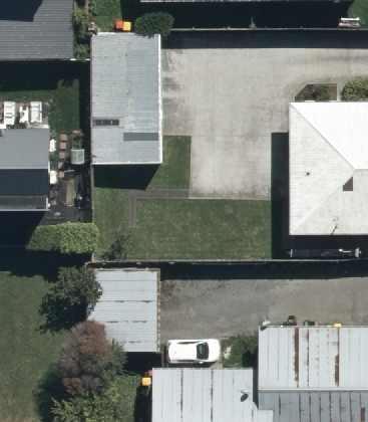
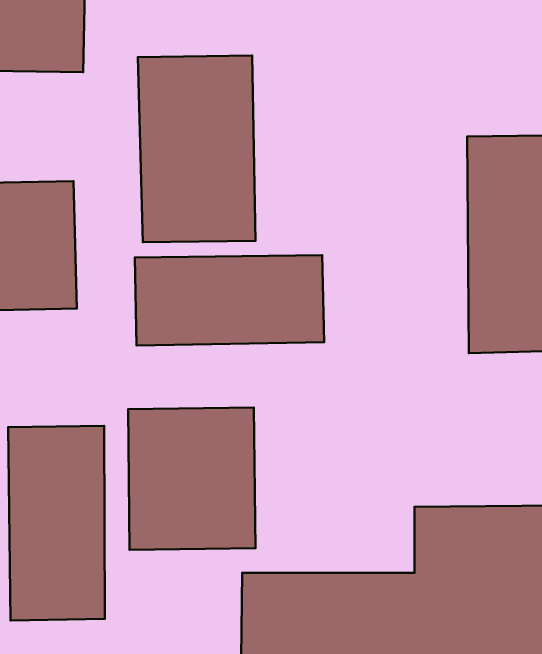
building: none -> [135,255,324,346]
building: none -> [8,426,105,620]

